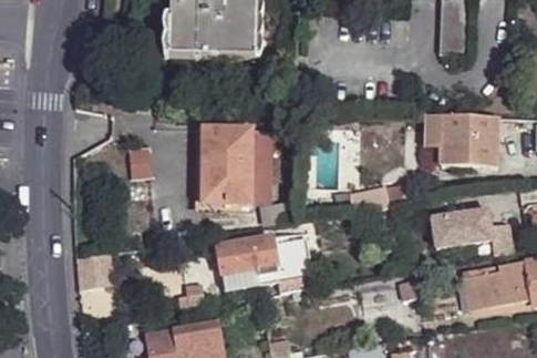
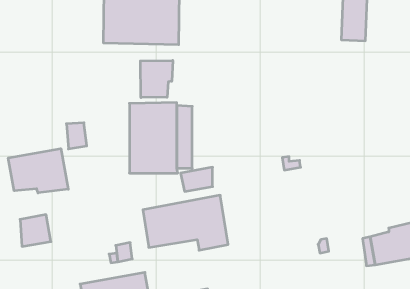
building: none -> [140,60,173,98]
building: [426,112,498,165] -> none
building: none -> [8,149,68,193]
building: [431,208,512,255] -> none

